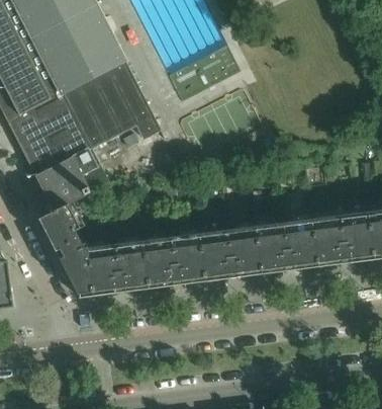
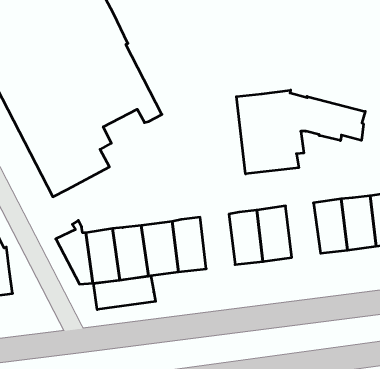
building: none -> [236,90,365,174]
building: [40,204,82,253] -> none
building: [283,218,317,271] -> none
building: [199,229,233,282] -> none
building: none -> [94,276,156,310]

